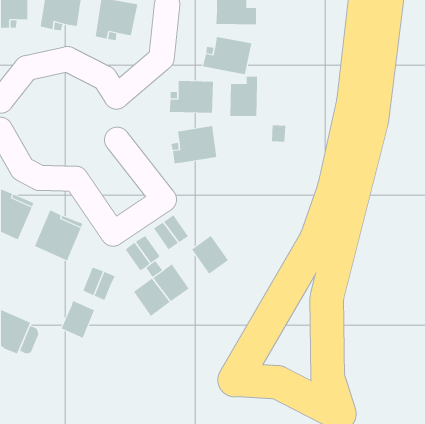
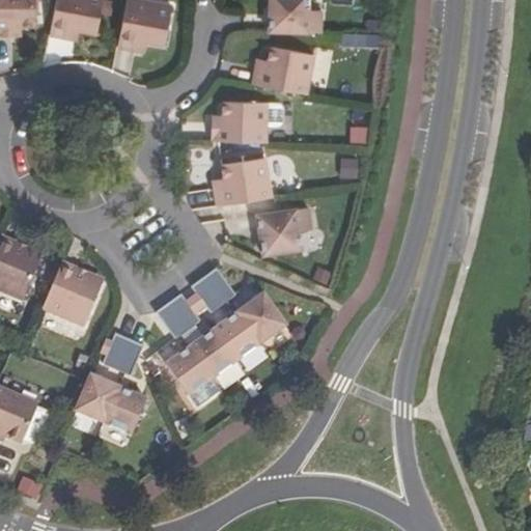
building: [230,76,258,117] -> none
building: none -> [257,206,311,254]
building: none -> [215,311,260,360]
building: none -> [104,387,147,434]

